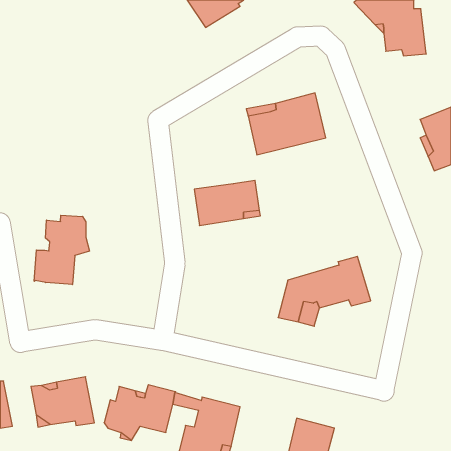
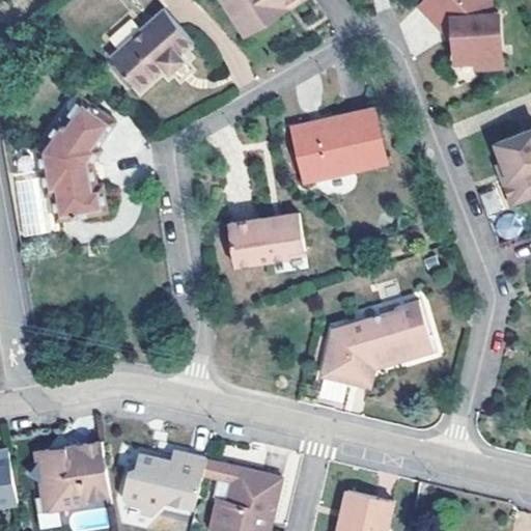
building: none -> [107,7,188,86]
building: none -> [35,95,112,222]
building: [34,215,90,285] -> none

